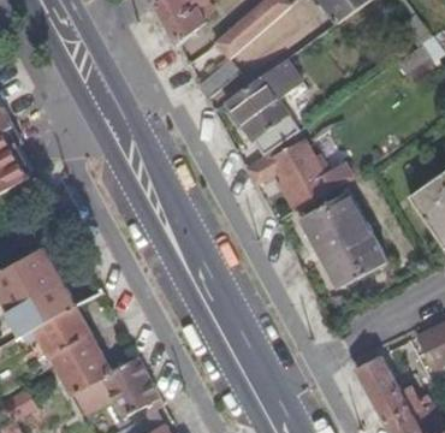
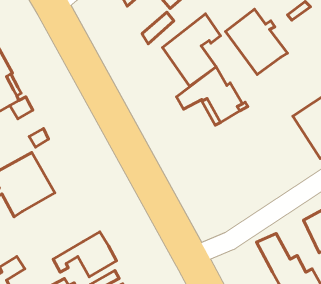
building: none -> [226,9,287,74]
building: [298,192,385,290] -> none
building: [32,303,115,393] -> none

